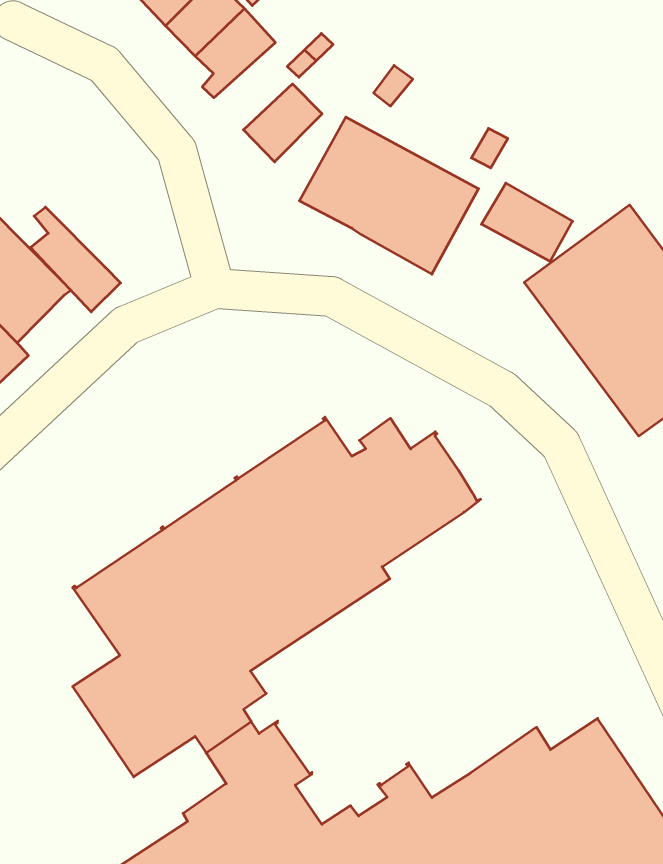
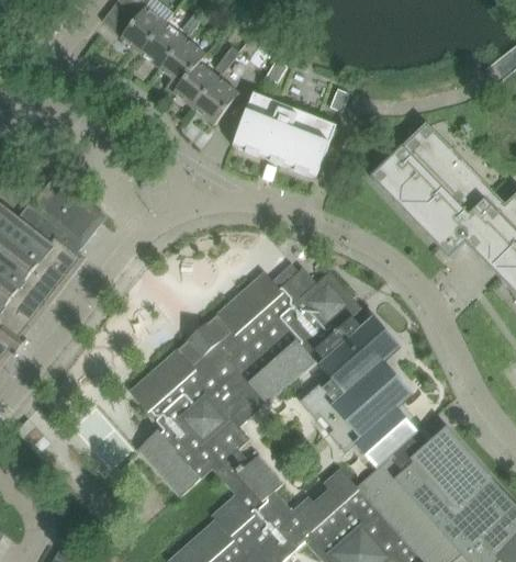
building: none -> [173,63,218,109]
building: [481,183,573,262] -> none
building: [30,207,121,312] -> none
building: none -> [299,316,418,469]

